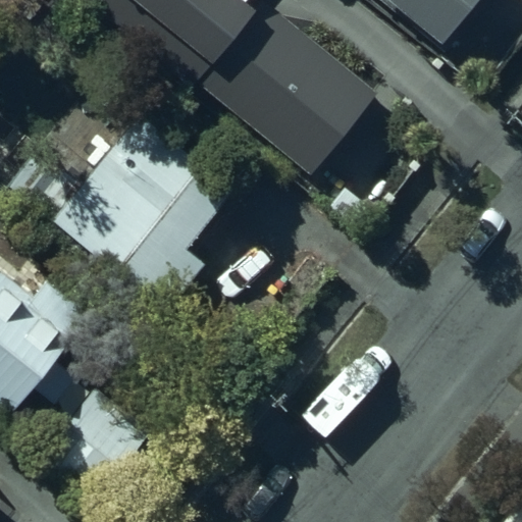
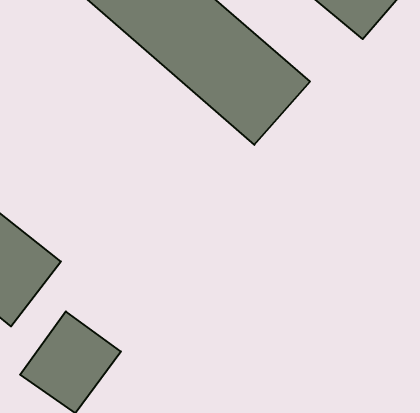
building: [48,112,233,299] -> none

